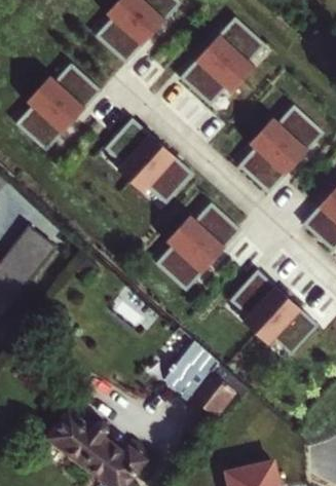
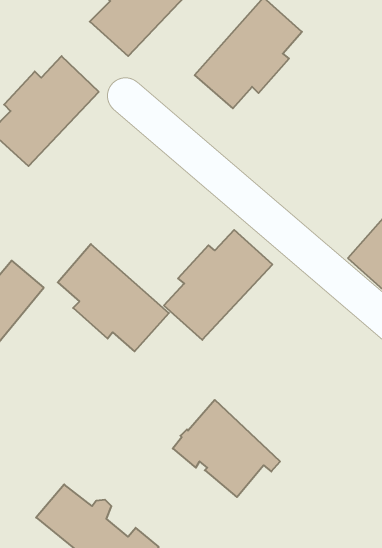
building: [235,105,323,193] -> none
building: [103,117,192,203] -> [58,244,169,351]
building: [228,269,316,356] -> none

